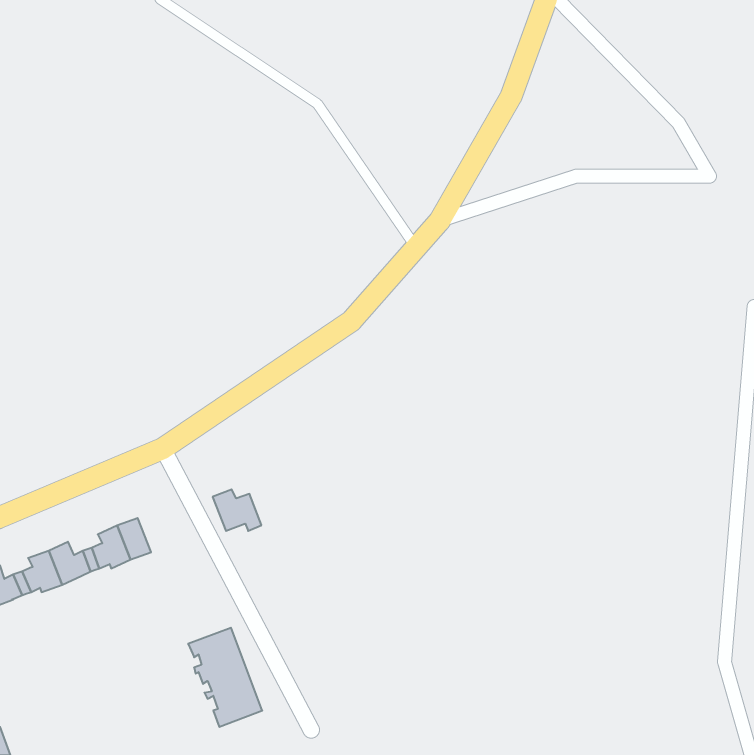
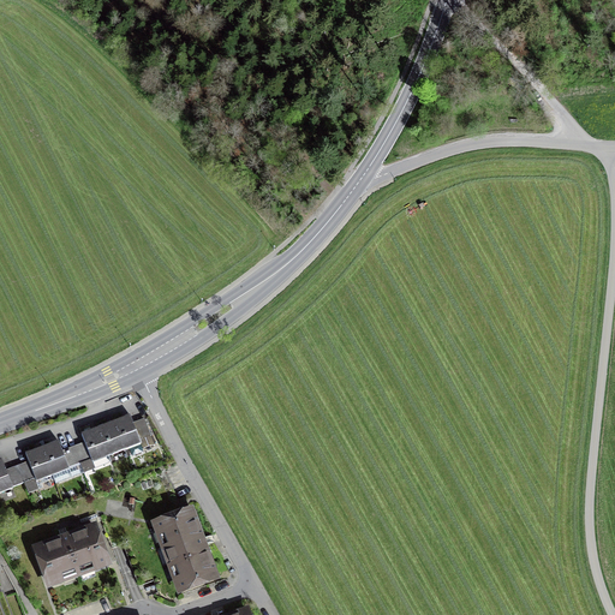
building: [213,489,261,531] -> [112,414,151,448]
building: none -> [34,526,106,584]

